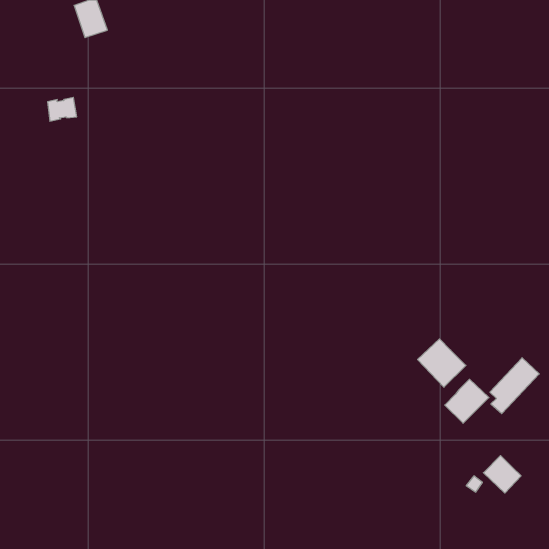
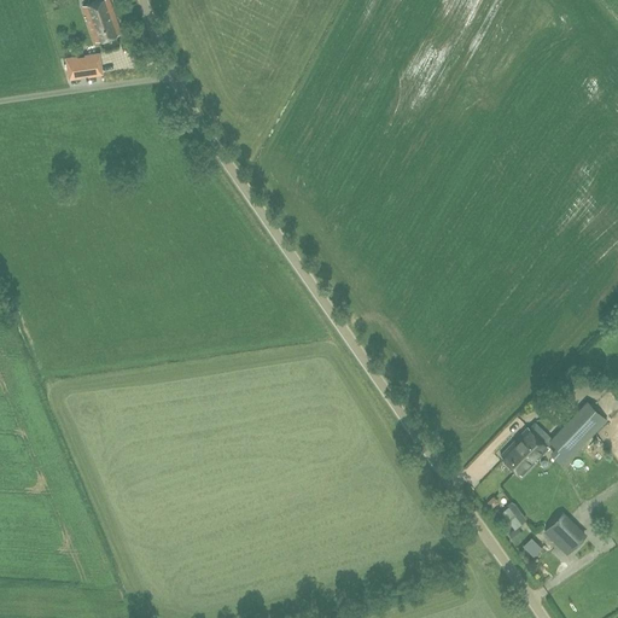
building: [48,97,77,121] -> [66,53,99,80]
building: [418,339,466,387] -> none

